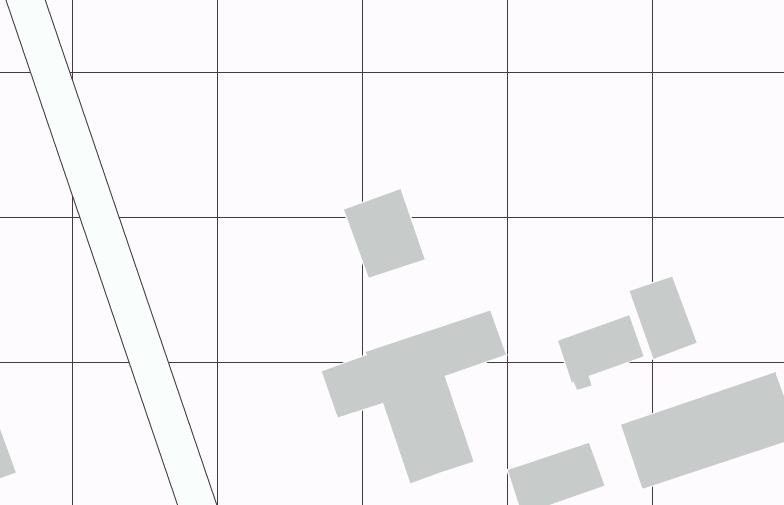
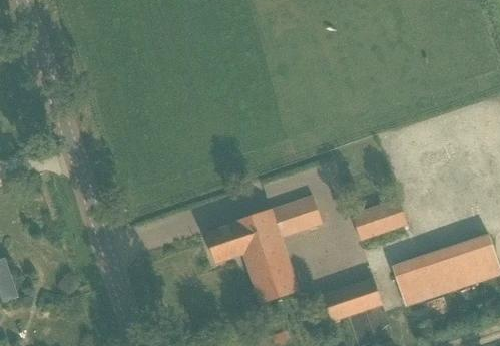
building: [343,188,425,278] -> none
building: [629,276,698,360] -> none

